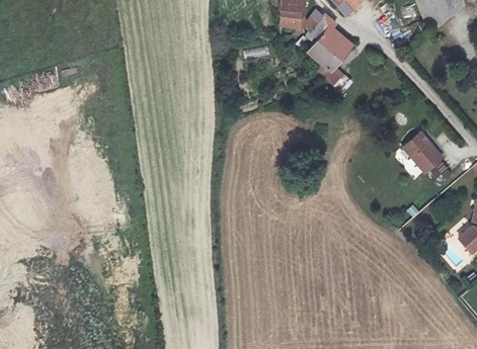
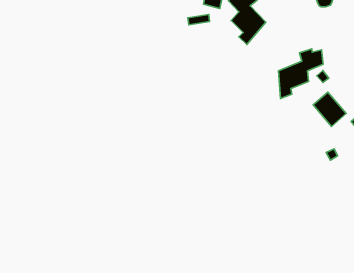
building: none -> [278,49,323,99]

